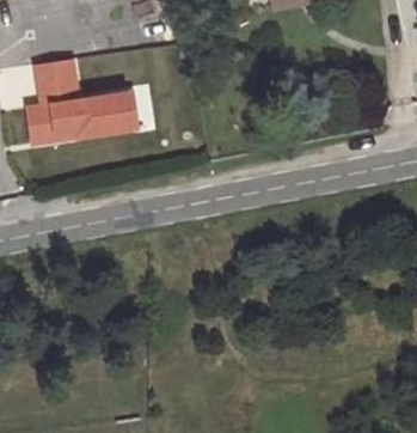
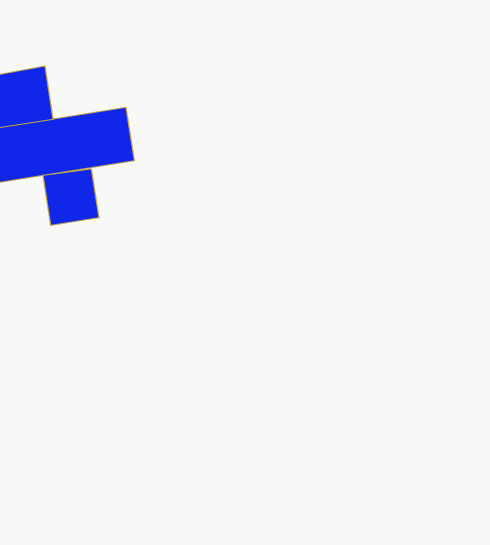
building: none -> [43,169,99,226]

